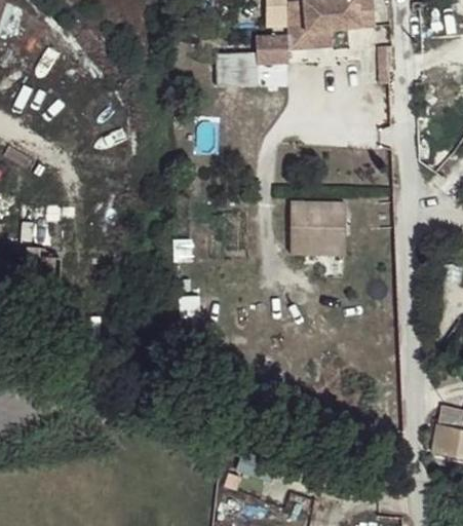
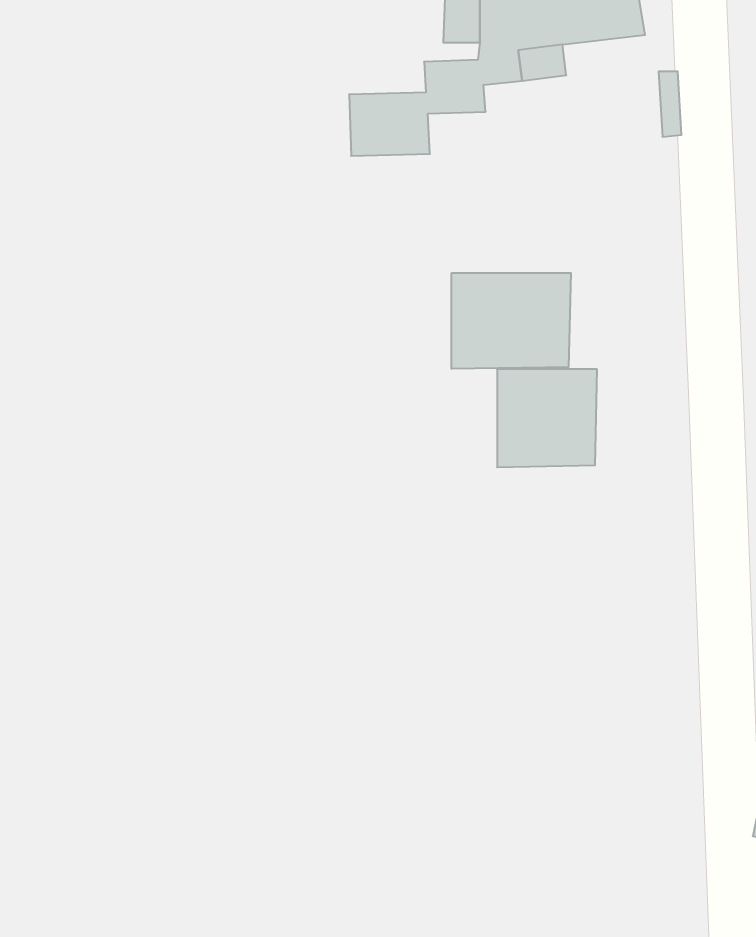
building: none -> [452,273,571,369]

